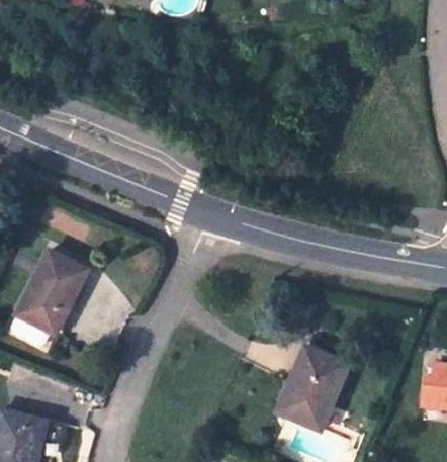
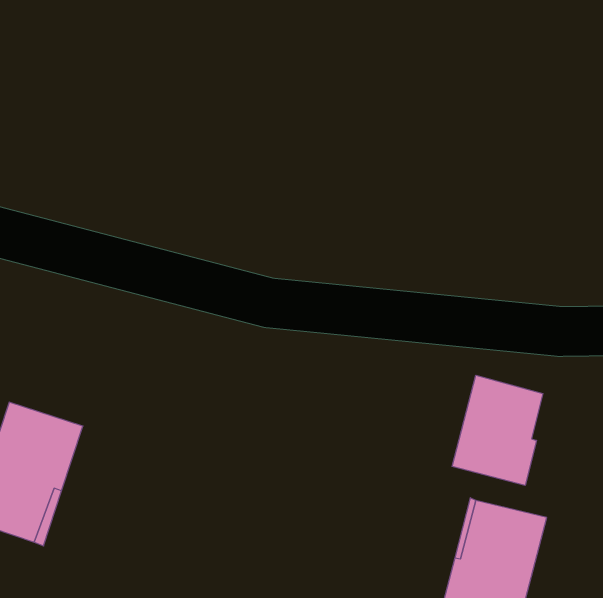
building: none -> [452,375,543,485]

